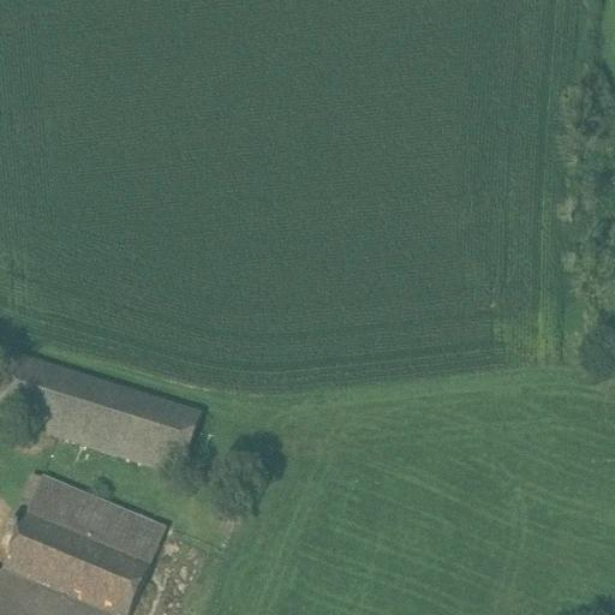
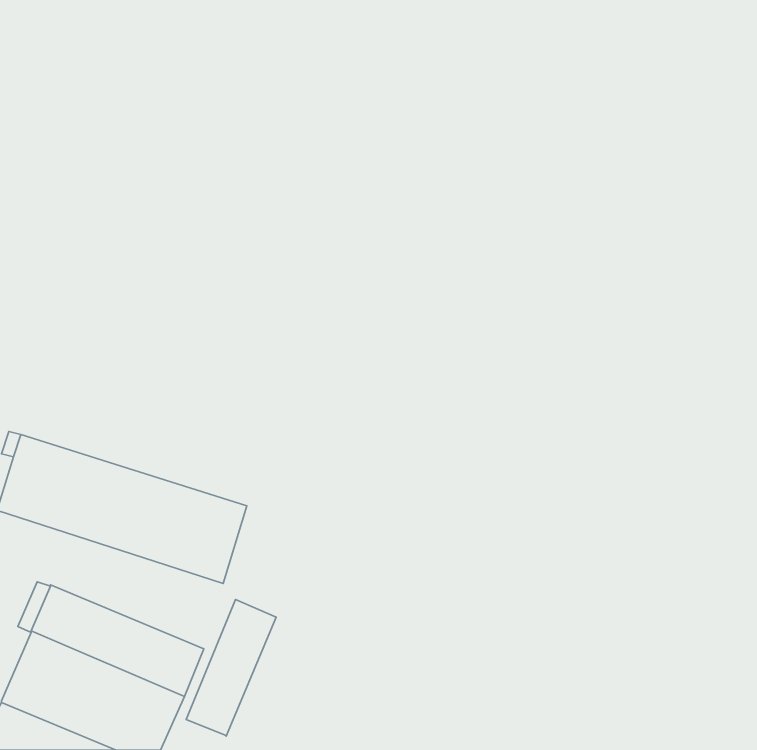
building: none -> [186,599,276,736]

